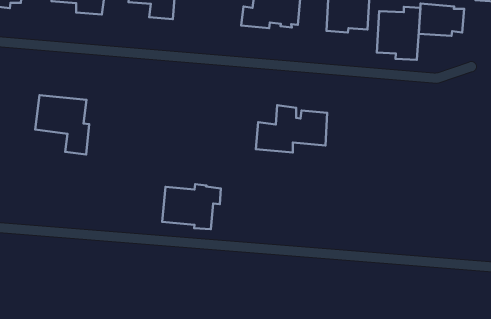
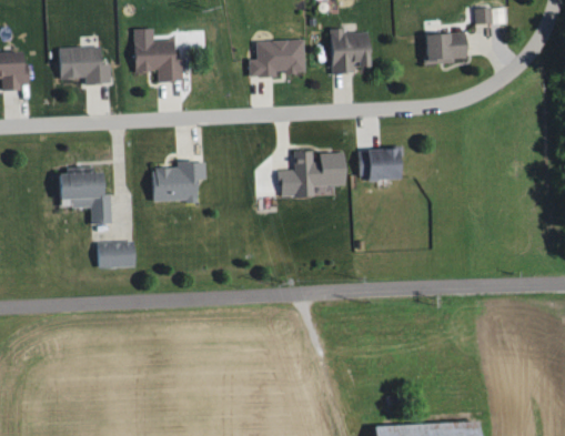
building: [377,7,420,60] -> none
building: none -> [356,150,402,181]
building: none -> [97,242,135,270]
building: [162,184,221,229] -> [150,162,205,205]

